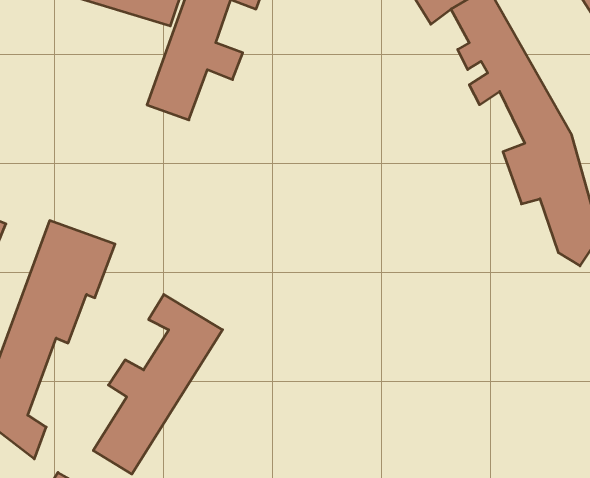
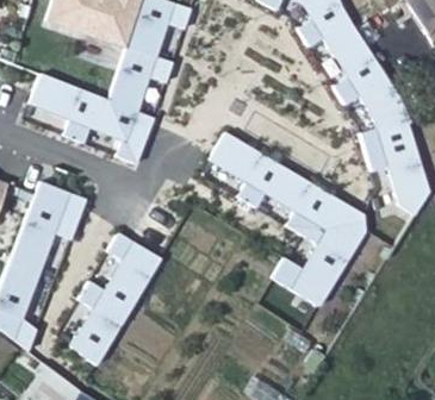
building: none -> [30,76,157,164]
building: none -> [213,135,366,306]

